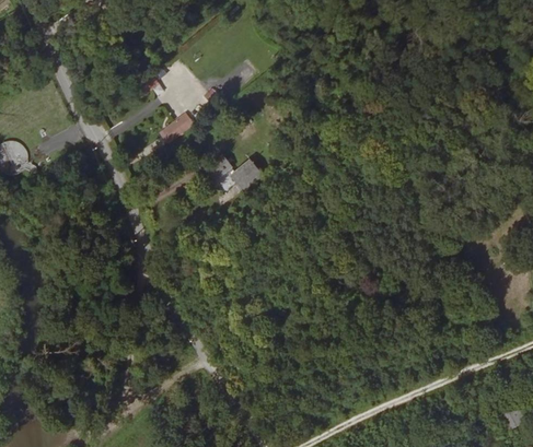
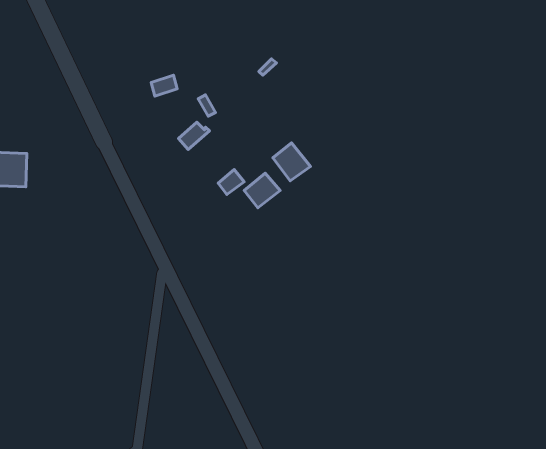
building: none -> [273,143,310,181]

